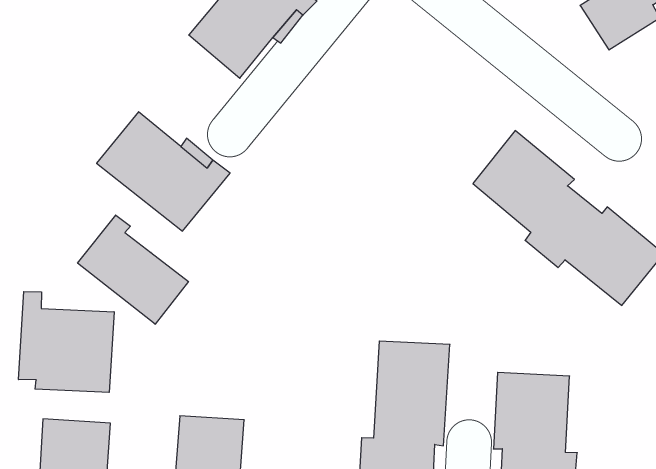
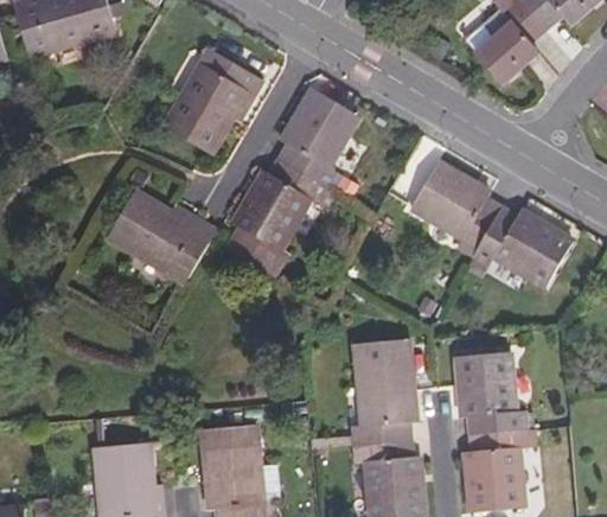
building: none -> [225,88,358,276]
building: [78,215,188,324] -> none
building: [19,292,114,392] -> none

